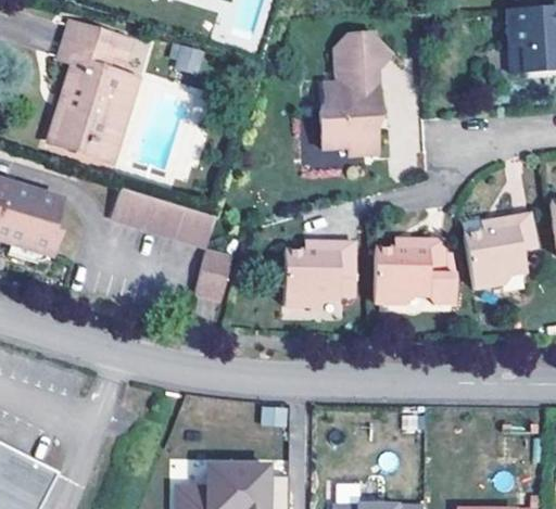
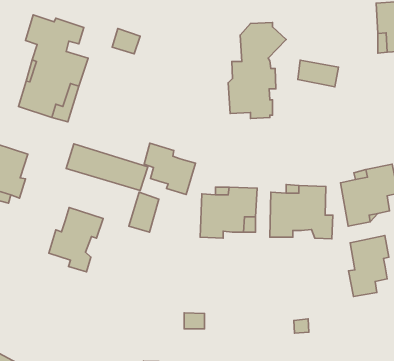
building: none -> [298,60,339,87]
building: none -> [144,143,195,194]
building: none -> [49,208,103,272]
building: none -> [349,235,389,297]

